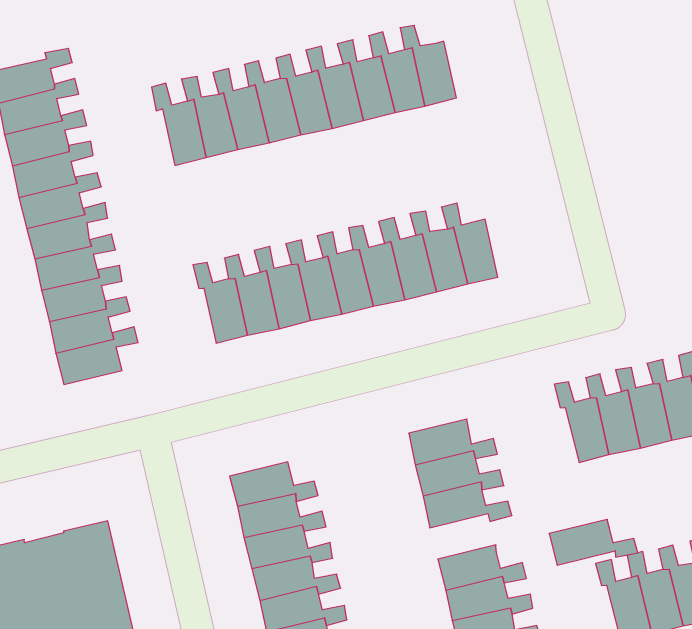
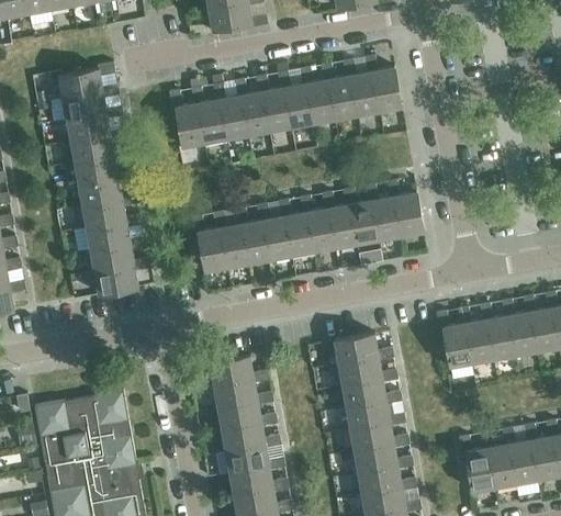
building: none -> [363,57,401,113]
building: none -> [386,182,423,238]
building: [549,519,638,565] -> [345,401,405,430]

